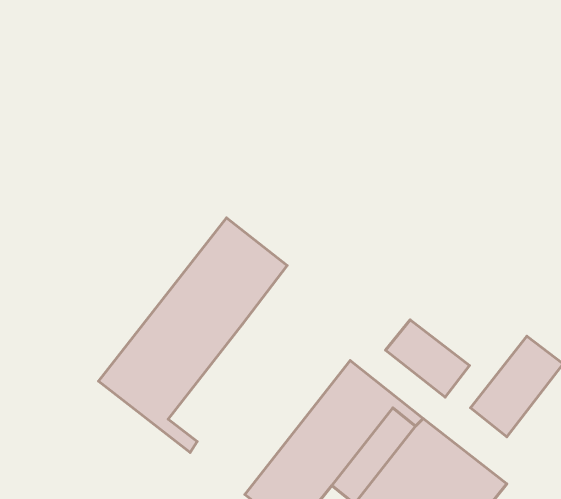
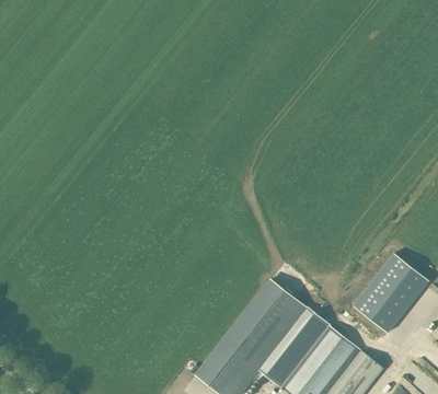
building: [98,218,287,453] -> none
building: [385,320,470,397] -> none

